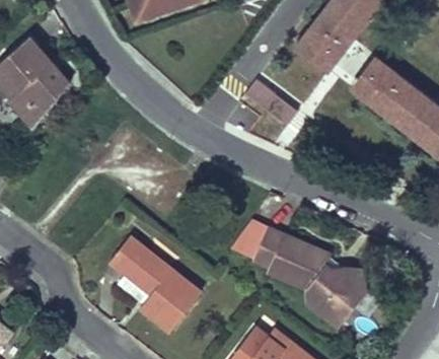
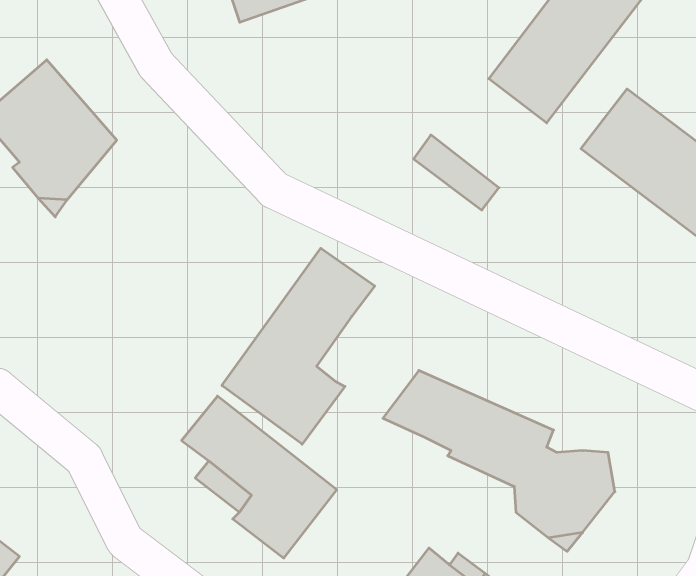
building: none -> [222,248,375,444]

